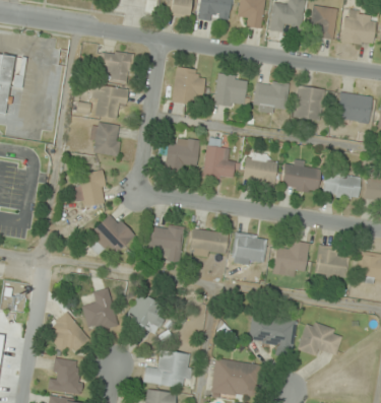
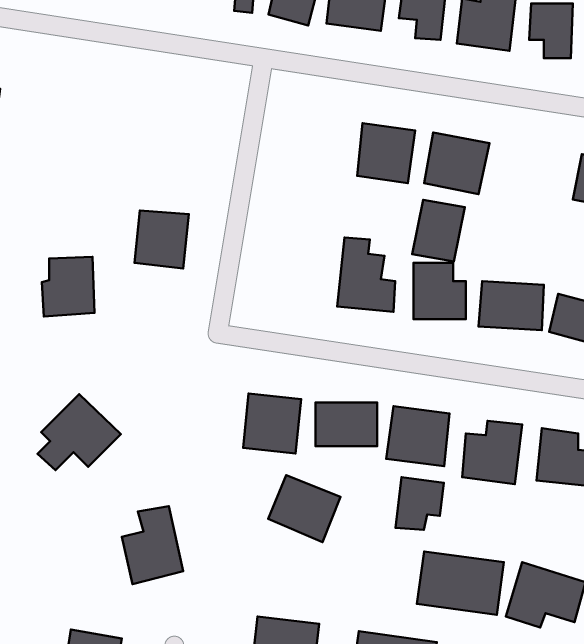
building: [97,49,133,83] -> none
building: [174,68,204,104] -> none
building: [90,84,127,117] -> none
building: [294,85,323,120] -> [412,200,465,261]
building: [165,137,199,171] -> none
building: [75,172,105,205] -> [42,257,94,317]
building: [88,212,135,255] -> [37,394,121,470]
building: none -> [395,477,444,530]
building: [126,294,167,332] -> [268,475,341,542]
building: [49,313,87,356] -> none

